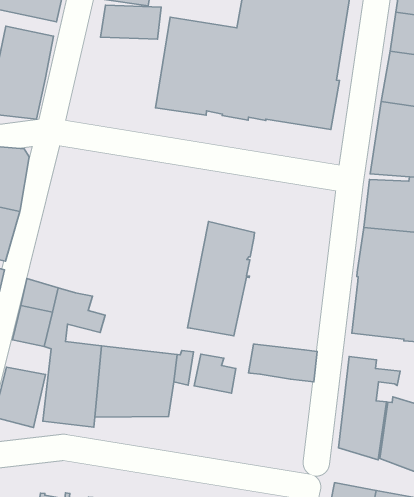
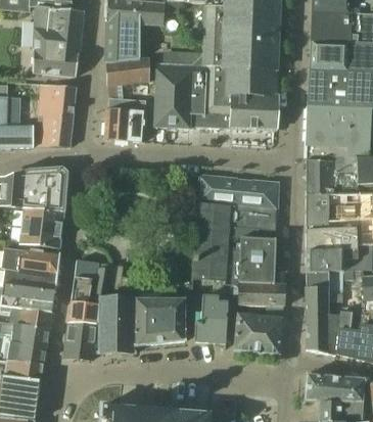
building: none -> [106,96,145,140]
building: none -> [197,174,277,229]
building: none -> [231,237,276,284]
building: none -> [307,269,343,291]
building: none -> [69,300,99,322]
building: none -> [235,306,284,355]
building: none -> [195,318,228,343]

